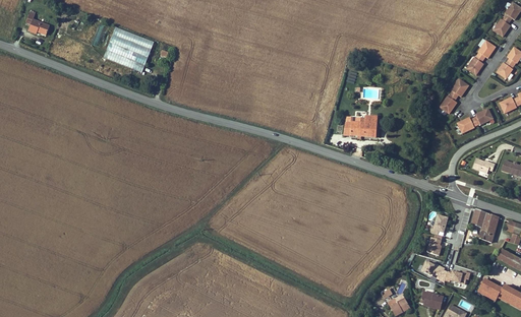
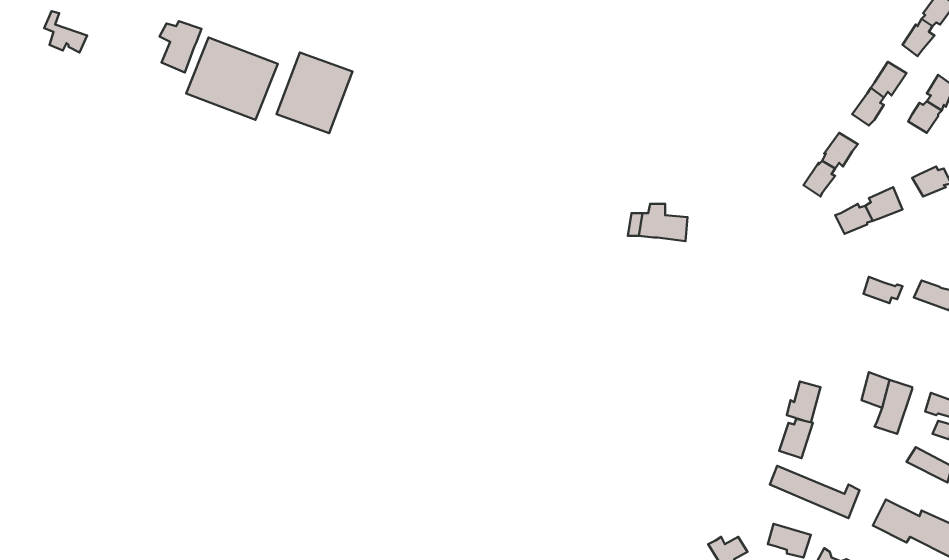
building: none -> [160,21,201,72]
building: none -> [276,53,353,133]

